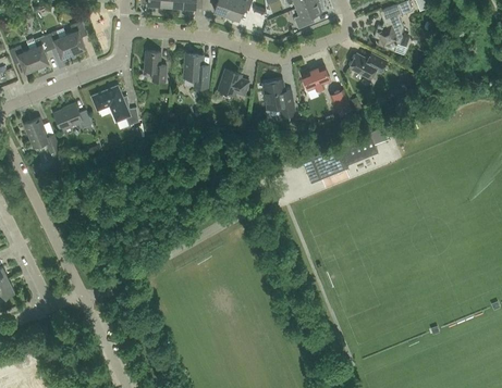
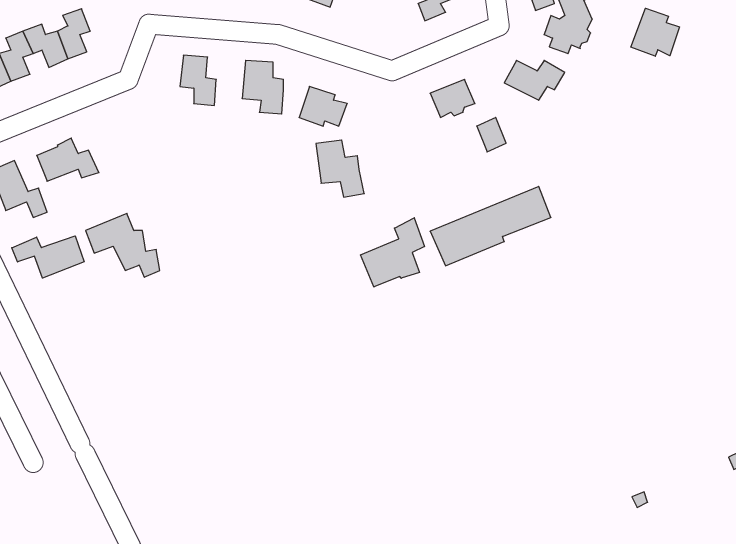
building: none -> [631,8,680,56]
building: [265,82,295,117] -> [316,140,364,197]
building: [91,86,138,126] -> [86,213,160,277]
building: none -> [361,218,424,287]
building: none -> [12,236,84,278]

